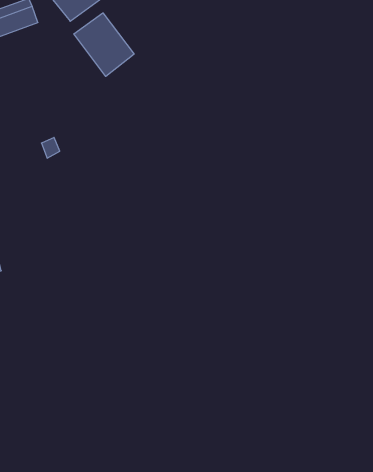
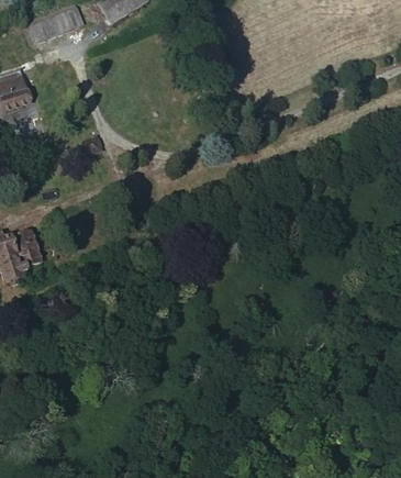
building: [74,13,134,76] -> none

